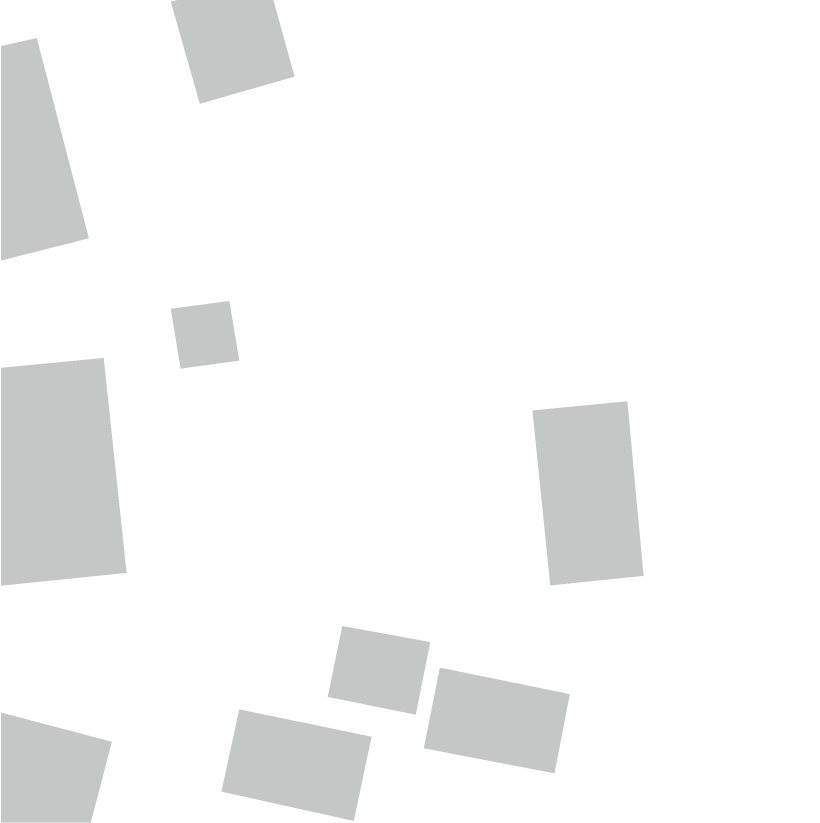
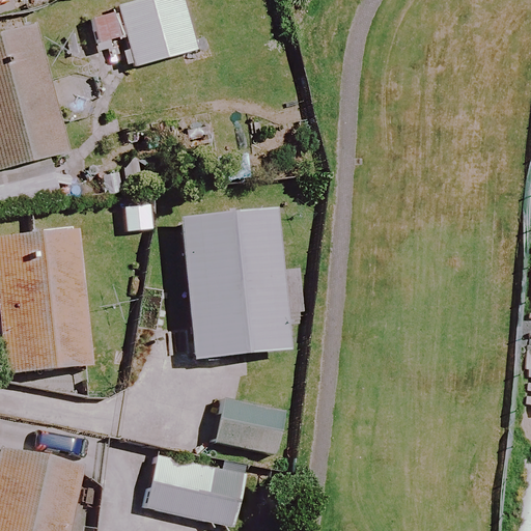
building: none -> [178,207,308,359]
building: [532,401,644,586] -> none
building: [423,667,571,774] -> none

